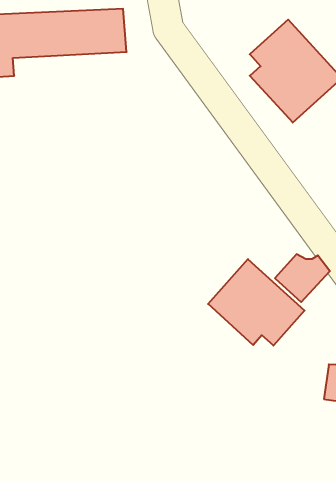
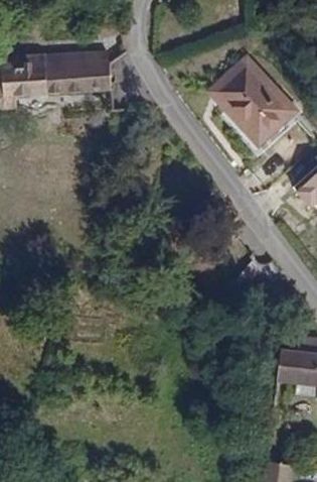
building: [208,259,305,346] -> none

